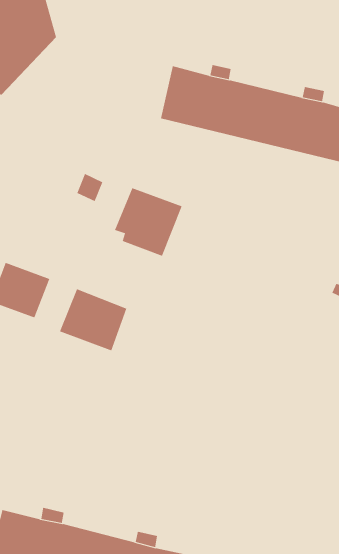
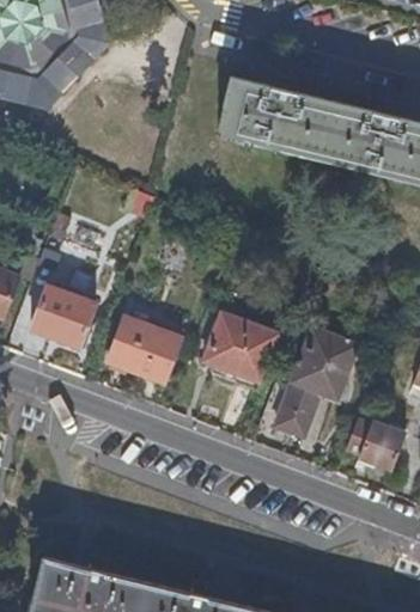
building: [114,187,182,257] -> [201,317,275,392]
building: none -> [273,329,355,439]
building: none -> [342,421,403,472]

